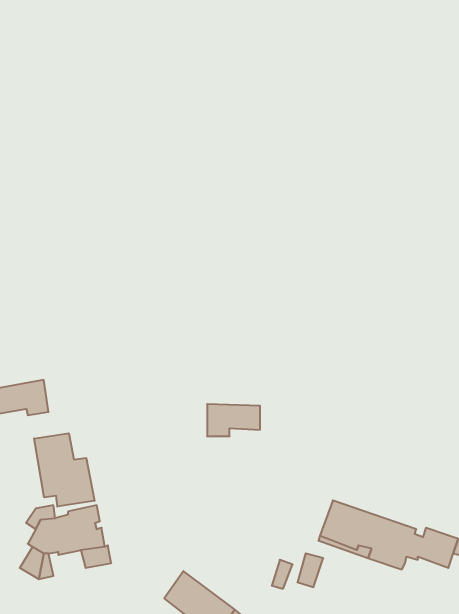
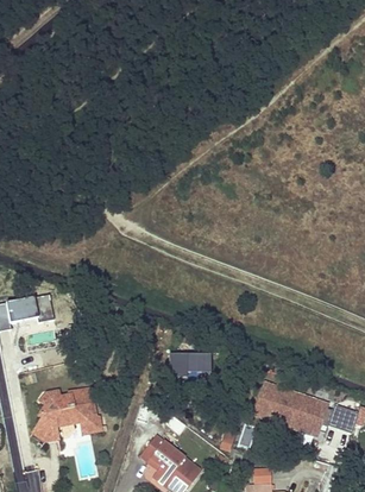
building: [207,404,260,436] -> [170,352,209,376]
building: [34,433,94,507] -> none

